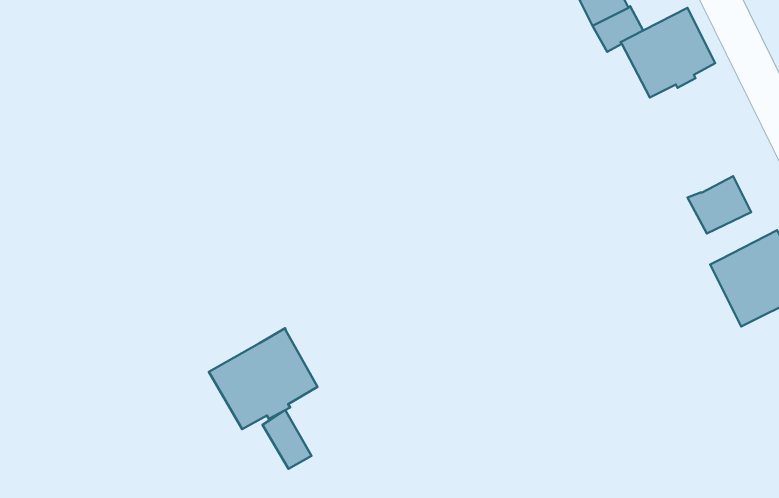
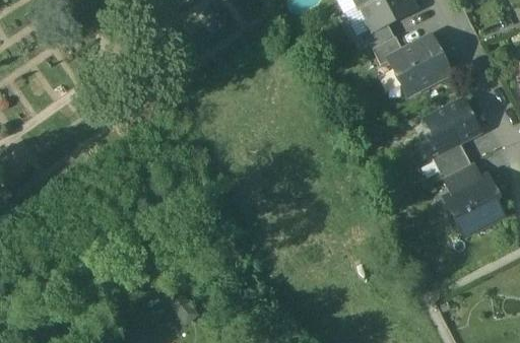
building: none -> [426,99,477,152]
building: none -> [444,162,482,194]
building: [209,328,318,429] -> none

